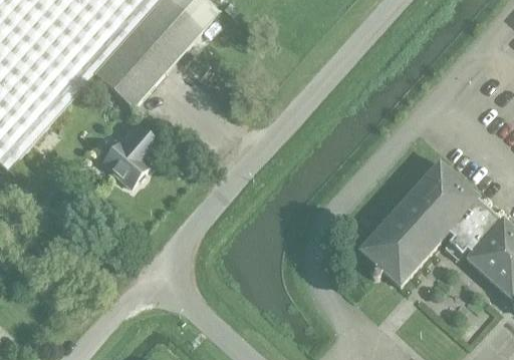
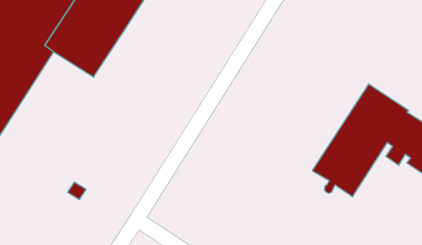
building: [103,124,161,186] -> none

